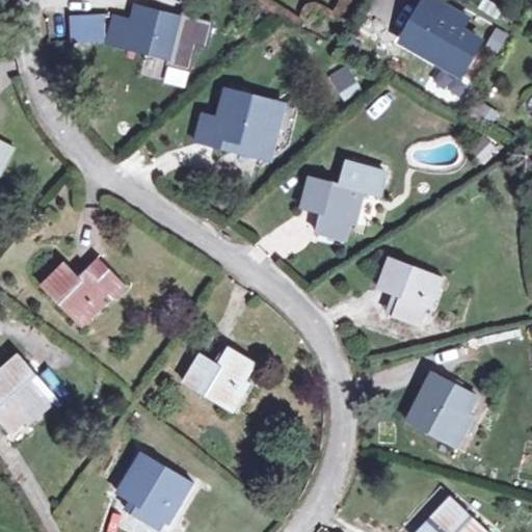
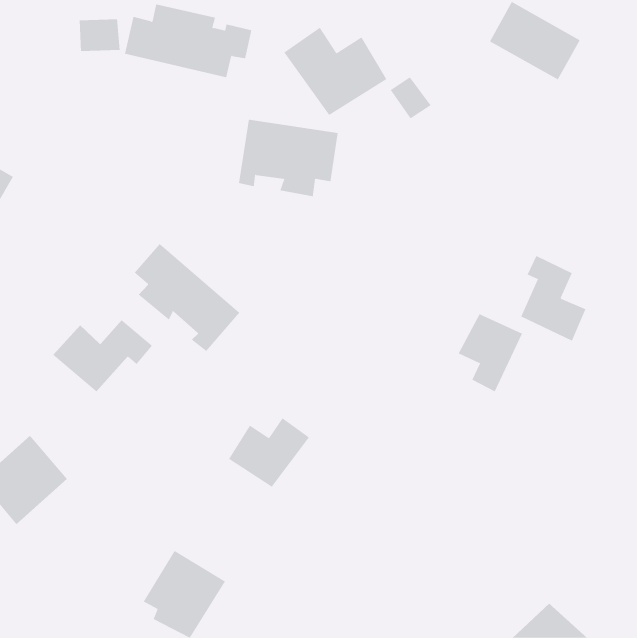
building: none -> [284,27,387,116]
building: [302,164,378,240] -> none
building: none -> [134,243,240,352]
building: none -> [521,255,586,341]
building: [413,376,476,440] -> none

